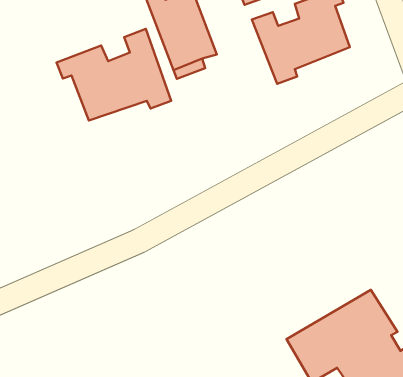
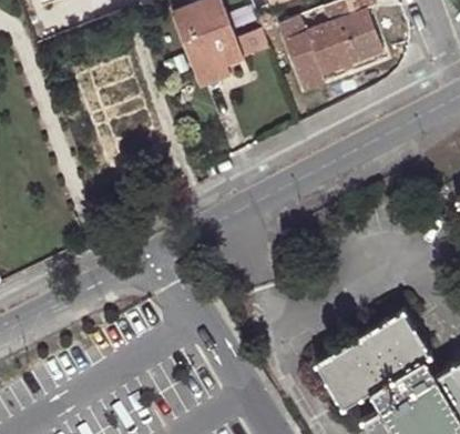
building: [56,29,171,120] -> none

